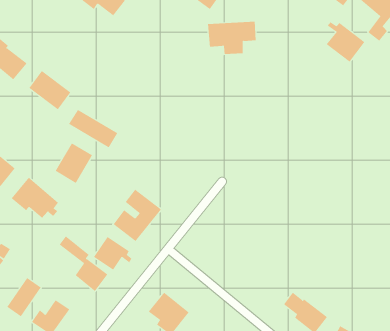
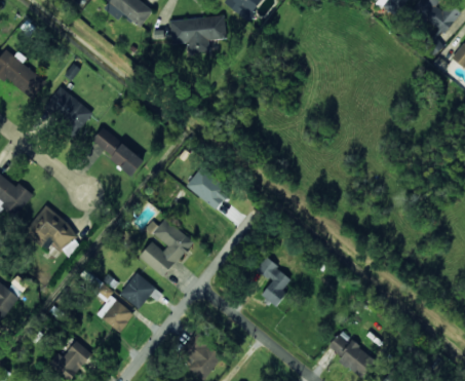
building: [207,21,256,54] -> [170,16,225,53]
building: [326,21,365,62] -> none
building: [55,142,93,184] -> none
building: none -> [187,168,230,211]
building: none -> [257,259,293,307]
building: [6,277,42,317] -> none

